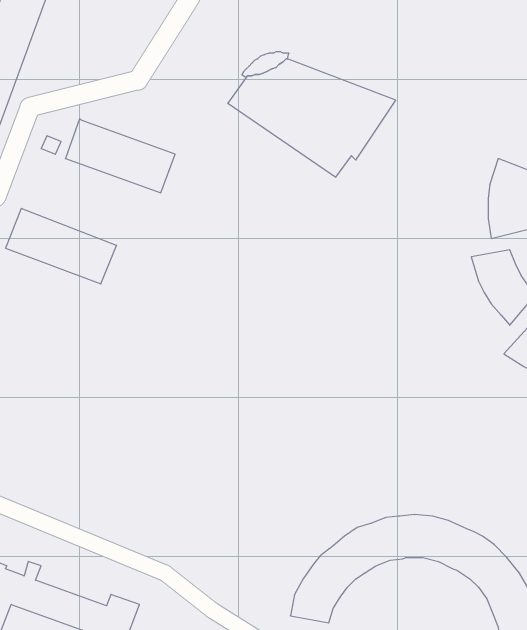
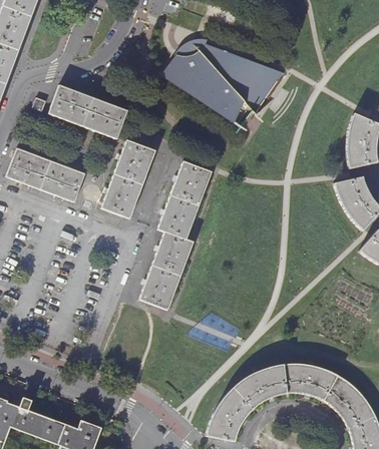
building: none -> [102,140,154,217]
building: none -> [139,161,211,309]

